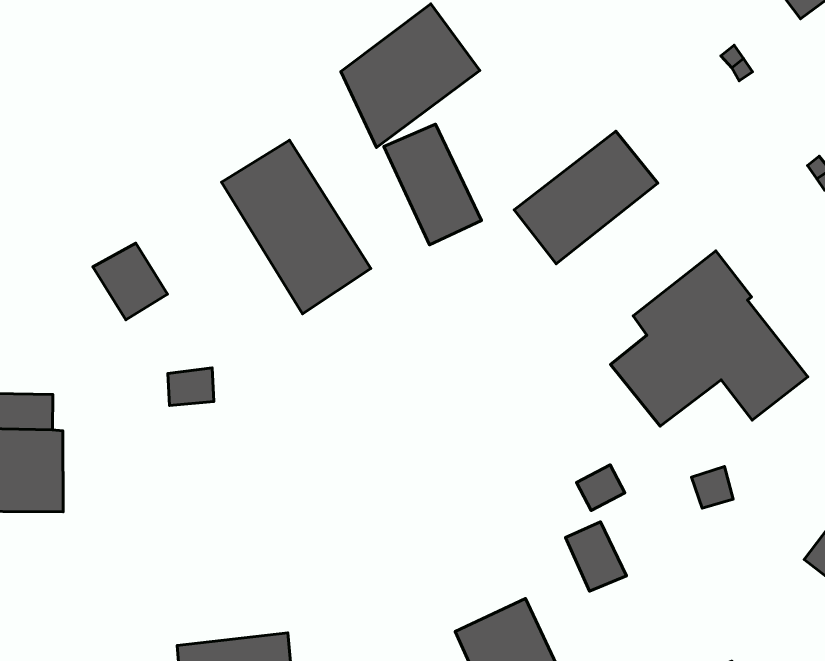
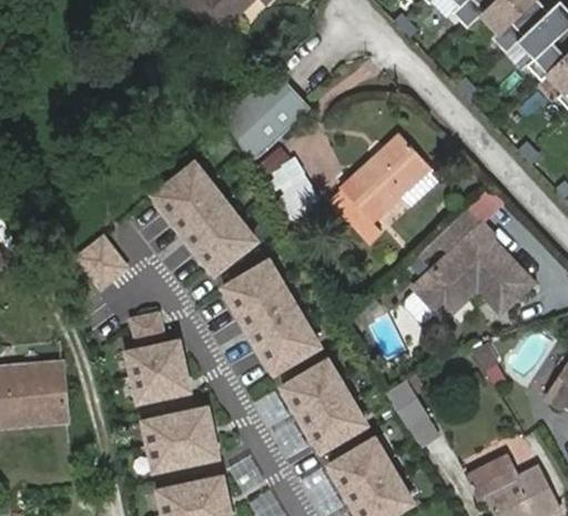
building: none -> [222,261,315,371]
building: none -> [125,338,187,399]
building: none -> [282,360,363,451]
building: none -> [143,406,216,469]

